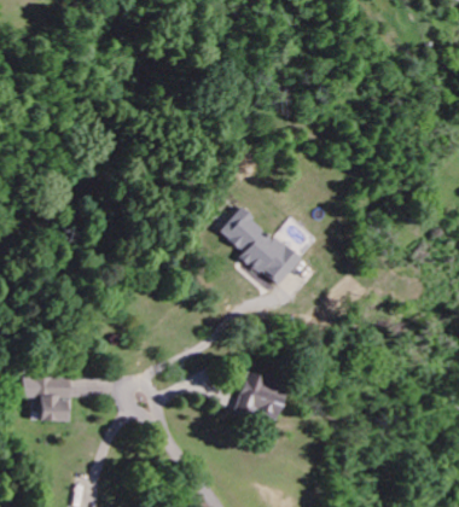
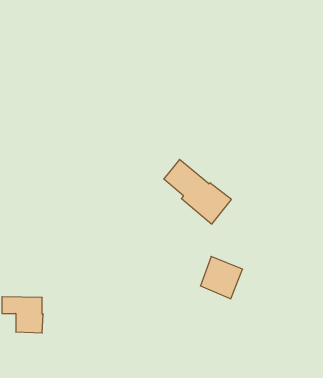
building: [234,371,286,422] -> [200,256,243,299]

